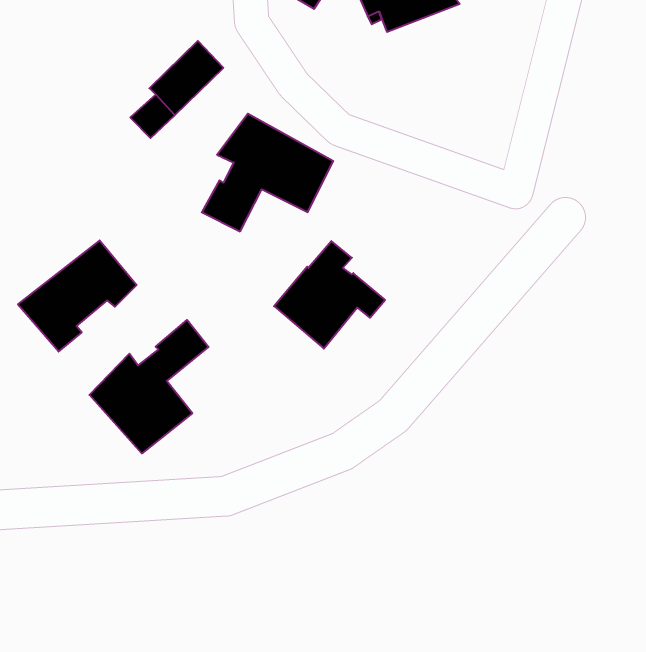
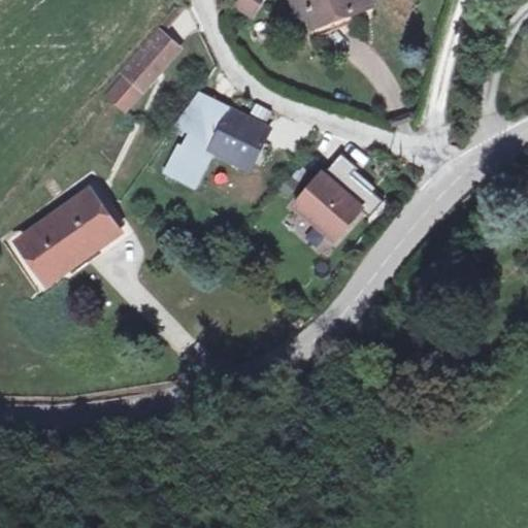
building: [274,241,385,349] -> [292,154,382,240]
building: [89,320,209,453] -> none

